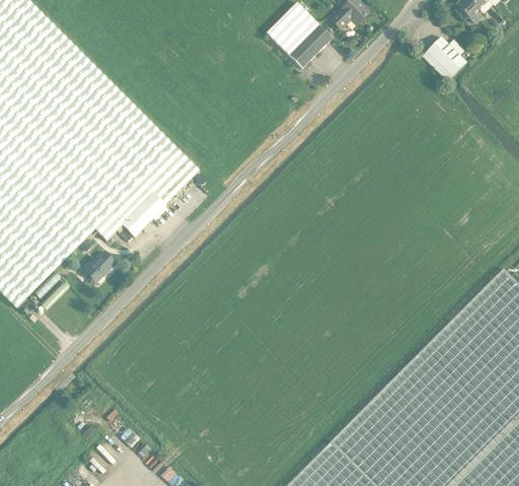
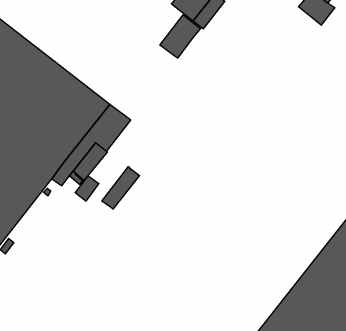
building: none -> [160,15,201,58]
building: none -> [102,167,140,209]
building: [85,253,116,283] -> [75,176,99,201]

